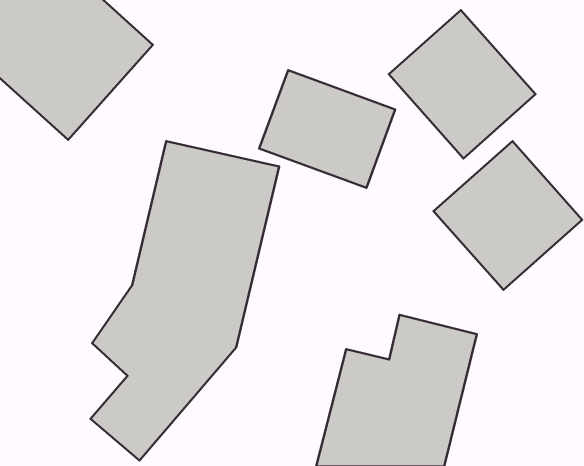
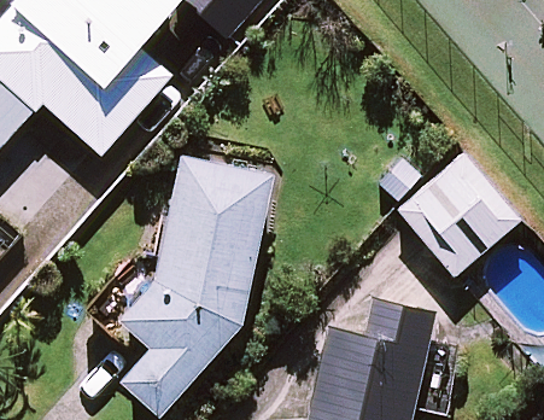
building: [389,10,536,158] -> none
building: [259,70,395,188] -> none

